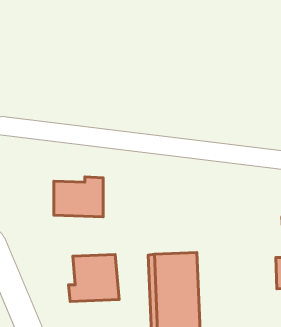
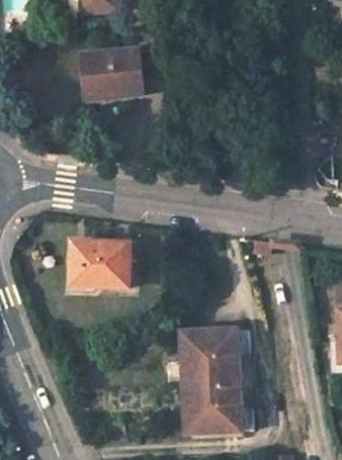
building: none -> [84,47,144,95]
building: [68,254,119,302] -> none

